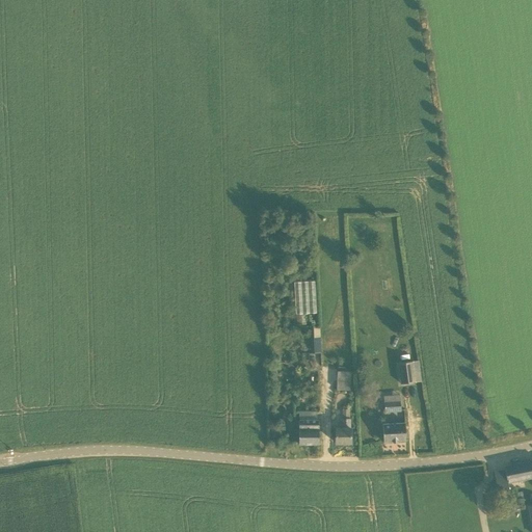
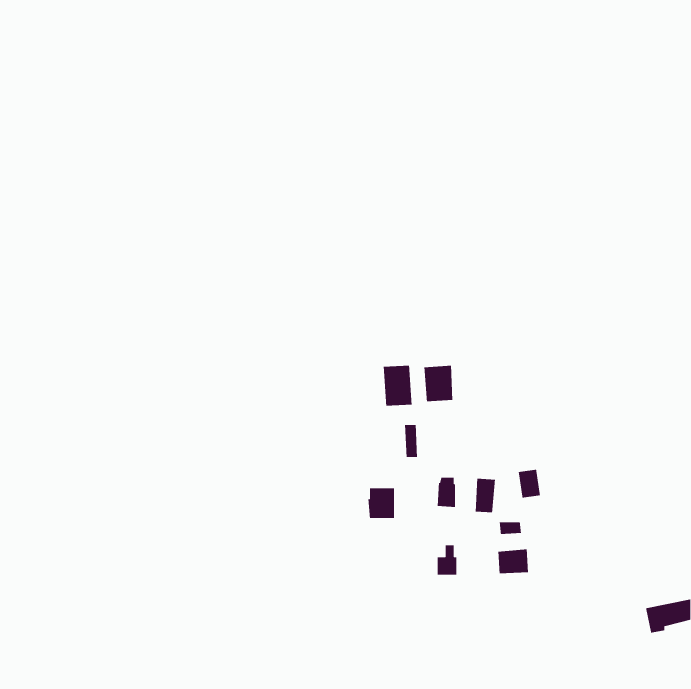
building: none -> [424,365,453,402]
building: none -> [475,478,496,513]
building: [298,421,319,445] -> [368,488,395,519]

